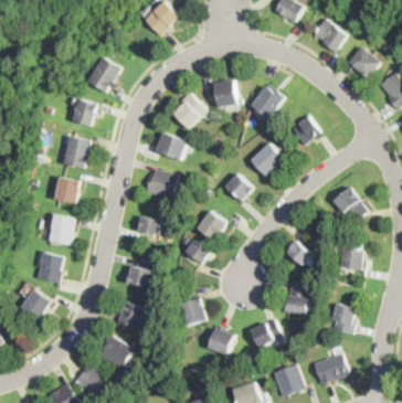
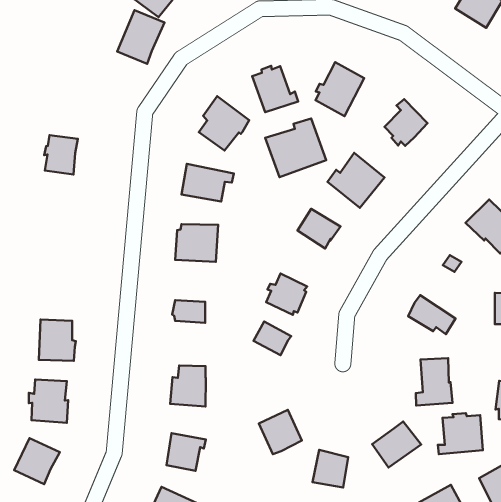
building: [87,56,120,92] -> [117,10,165,64]
building: none -> [265,118,326,177]
building: [63,135,88,167] -> none
building: [54,176,80,203] -> none
building: none -> [438,413,483,454]

